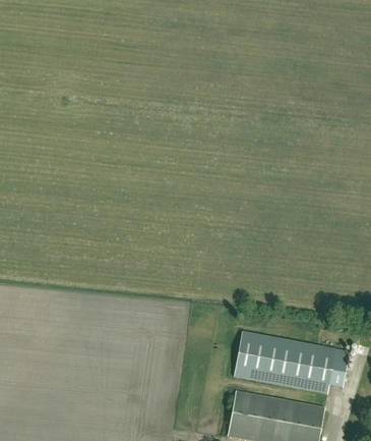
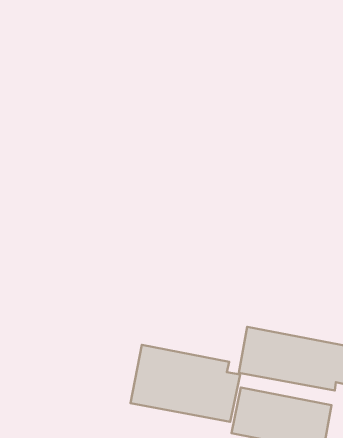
building: none -> [130,345,240,422]

